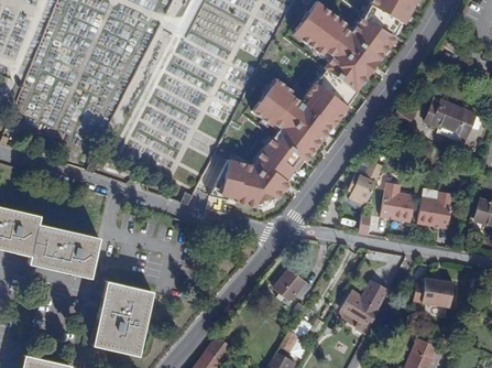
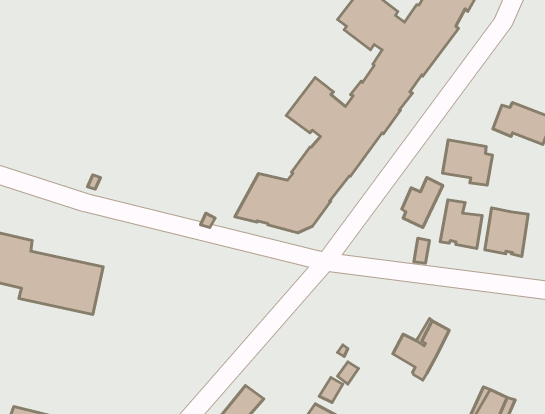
building: none -> [442,140,493,185]
building: [273,269,310,301] -> none
building: [414,279,453,307] -> none
building: [92,282,152,355] -> none

